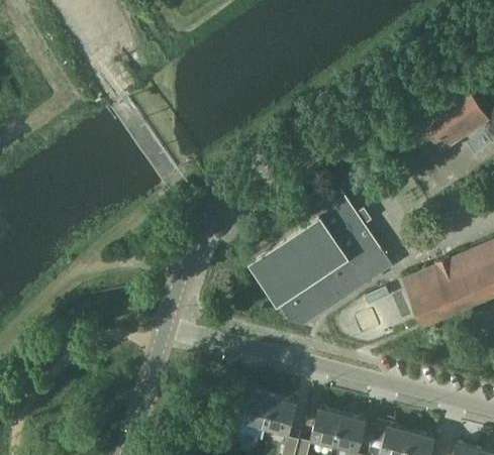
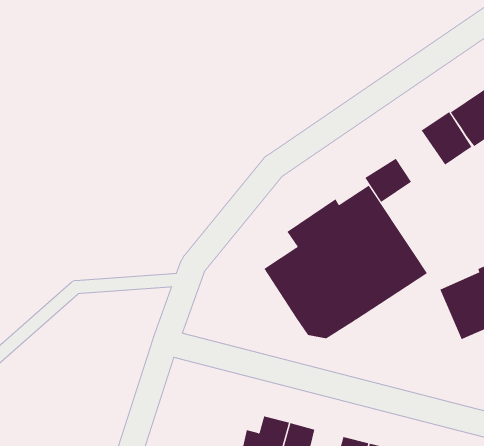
building: none -> [421,111,472,166]
building: none -> [365,158,412,203]

